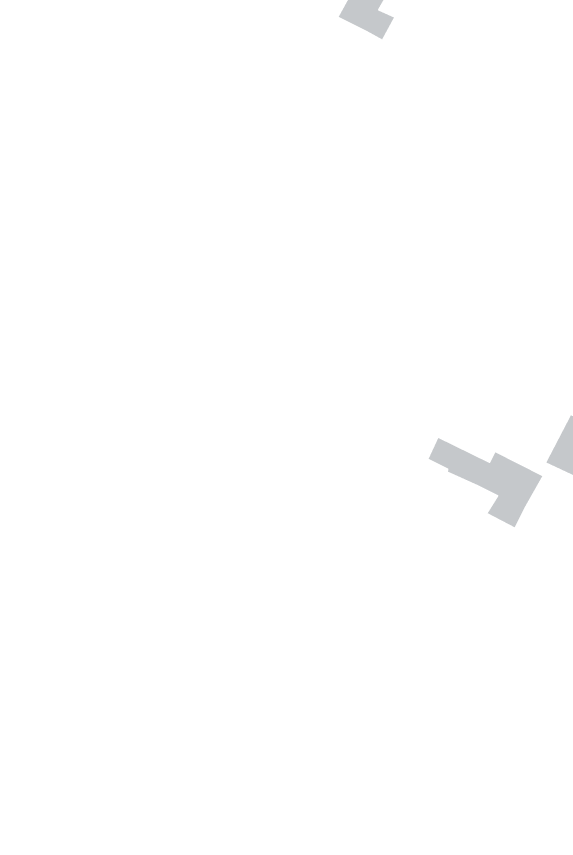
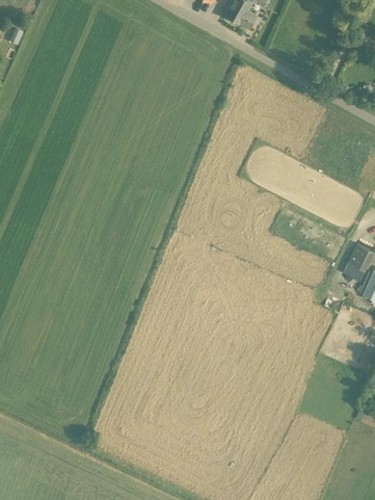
building: [428,437,543,528] -> none

